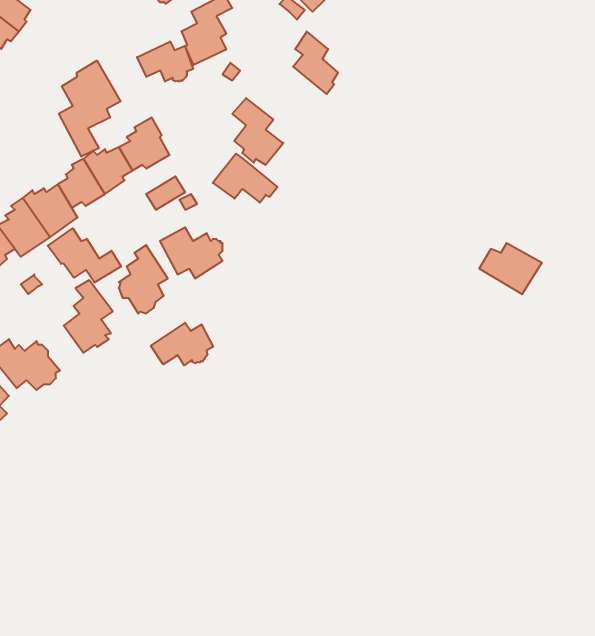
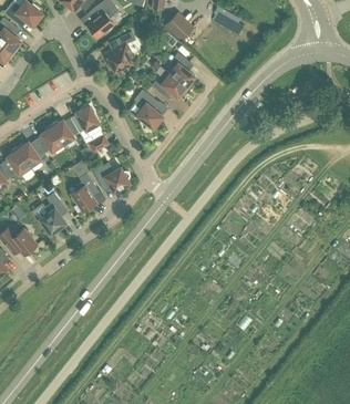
building: [137,41,193,82] -> none
building: [59,61,121,157] -> none
building: [213,154,277,203] -> [151,69,187,96]
building: [48,228,121,283] -> none
building: [151,323,213,365] -> none

